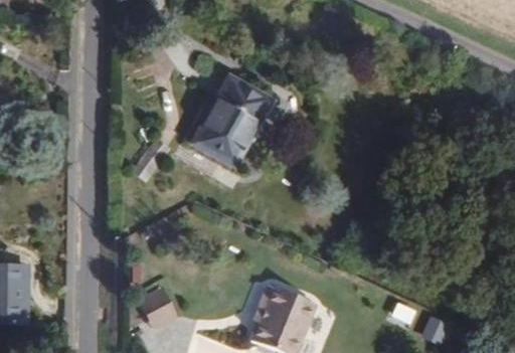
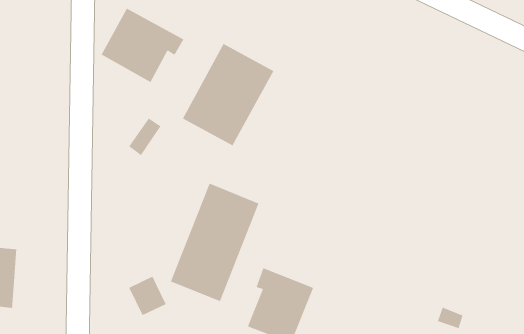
building: none -> [100,7,185,83]
building: none -> [170,183,260,302]

